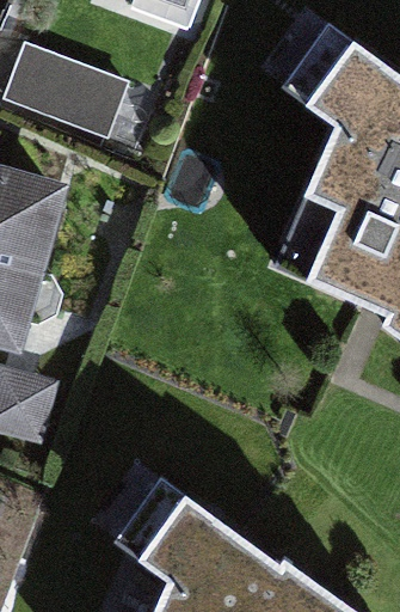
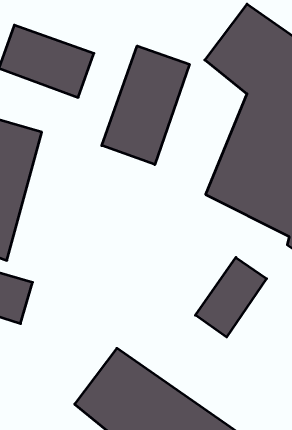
building: none -> [102,46,189,165]
building: none -> [195,257,267,337]

